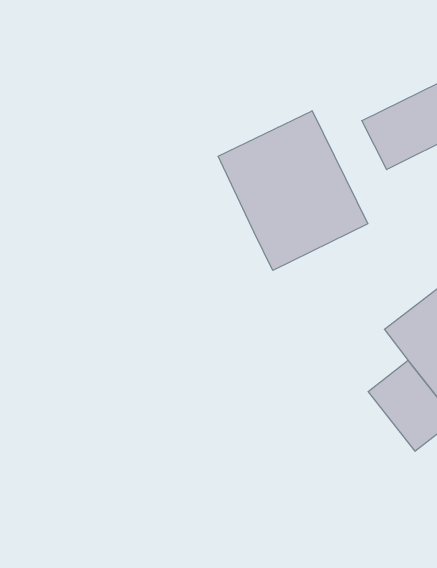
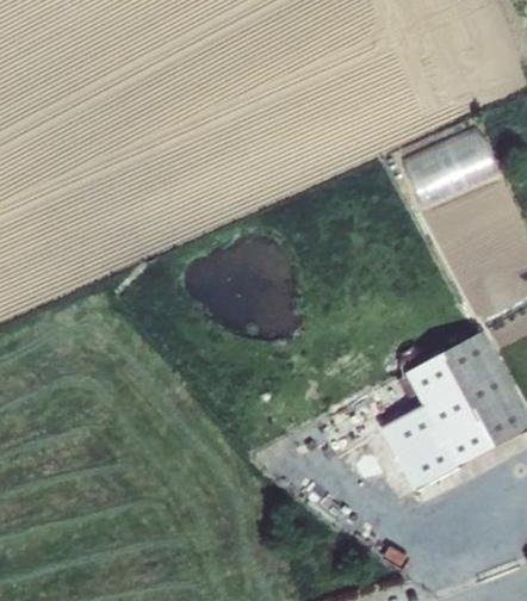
building: [218,111,368,270] -> none

